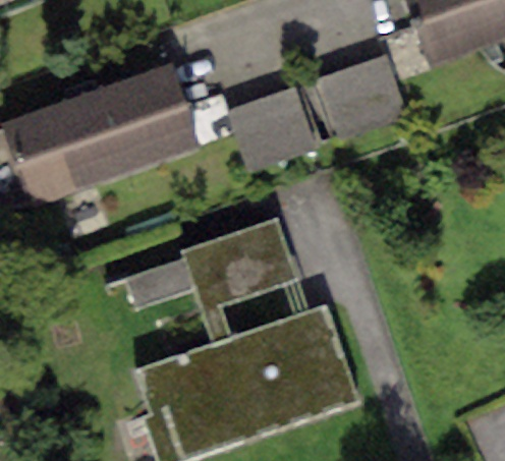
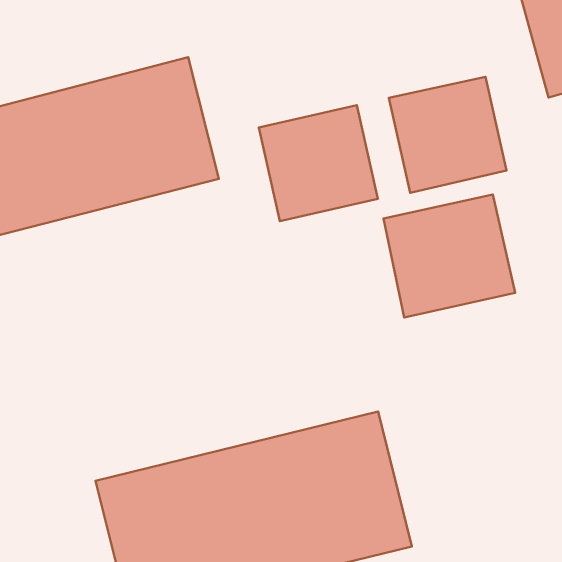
building: none -> [383,195,515,318]
building: [179,217,298,313] -> none

